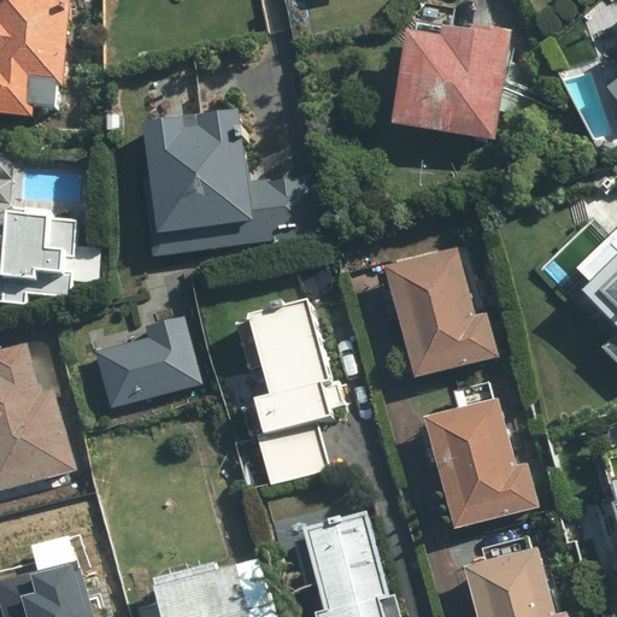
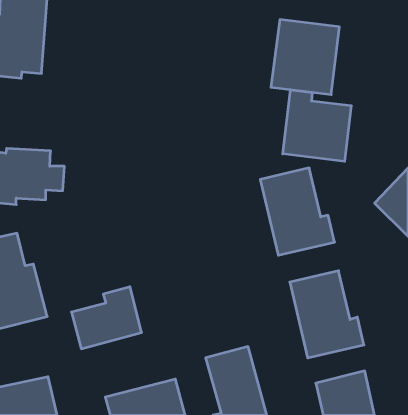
building: [145,113,315,242] -> none
building: none -> [283,90,351,161]
building: [247,301,336,480] -> none
building: [93,315,196,406] -> [71,287,142,349]

